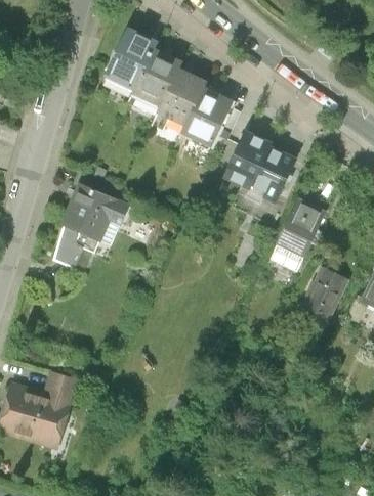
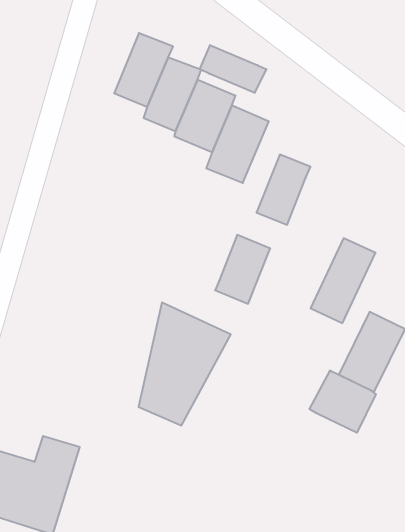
building: none -> [200,45,266,93]
building: [248,150,294,208] -> [215,235,270,304]
building: [52,173,129,275] -> [139,302,231,425]
building: none -> [310,370,376,433]

